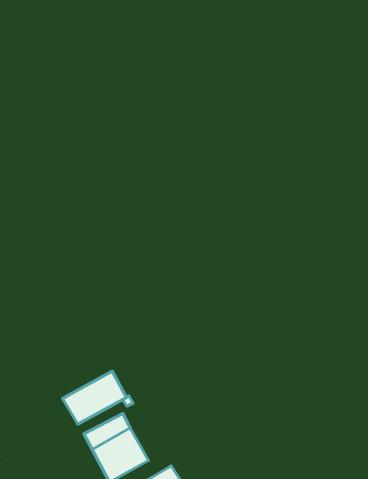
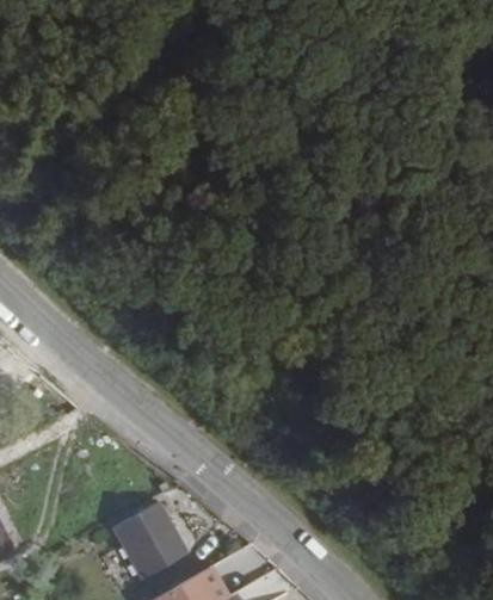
building: [63,371,126,424] -> none

